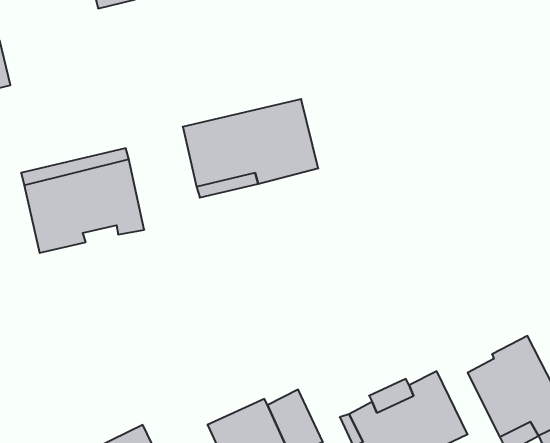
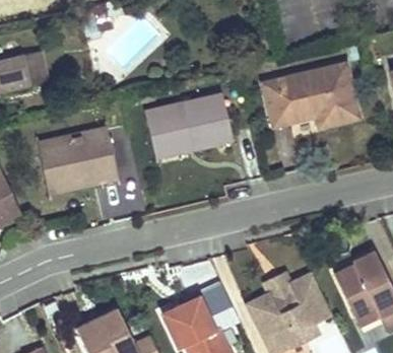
building: none -> [263,63,359,127]

